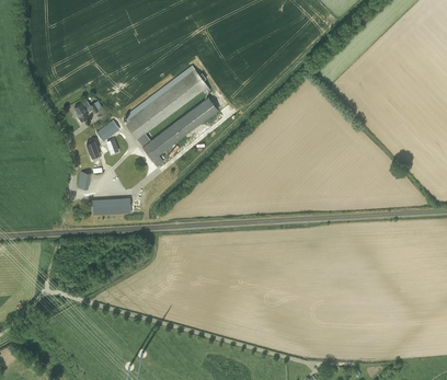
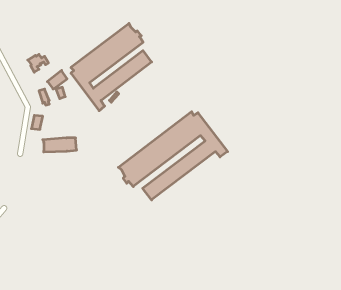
building: none -> [118,112,228,200]

